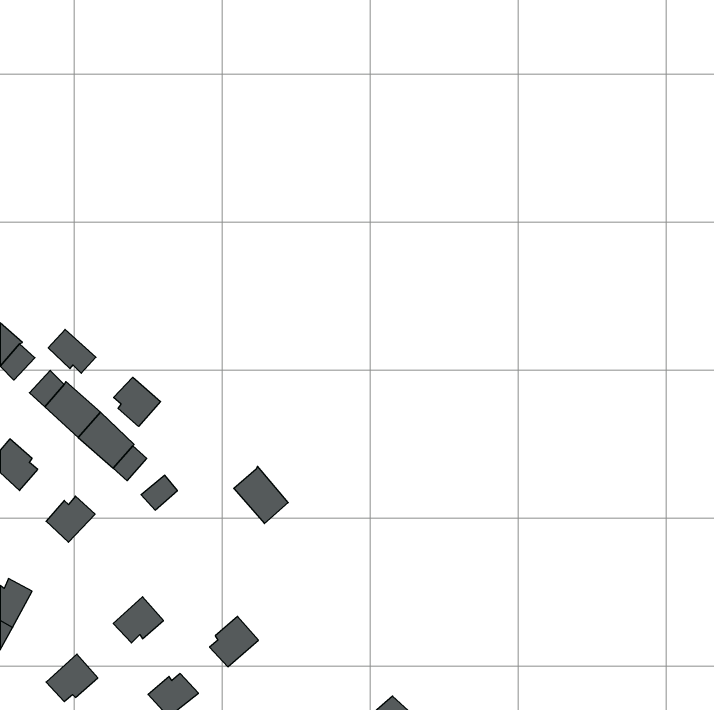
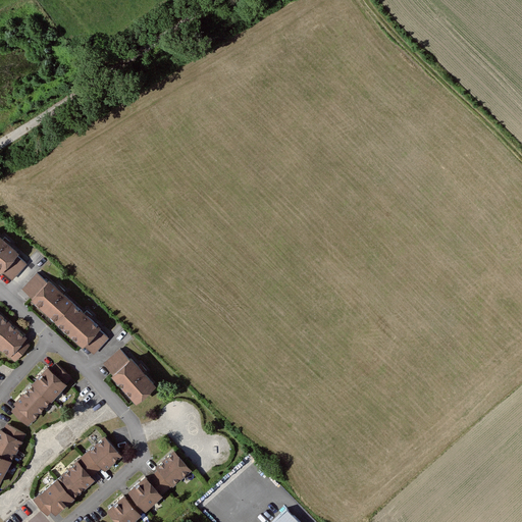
building: [48,329,96,373] -> none
building: [114,377,161,426] -> none
building: [234,466,288,524] -> [113,359,153,401]
building: none -> [12,383,50,425]
building: none -> [56,458,96,498]
building: none -> [129,475,166,509]

